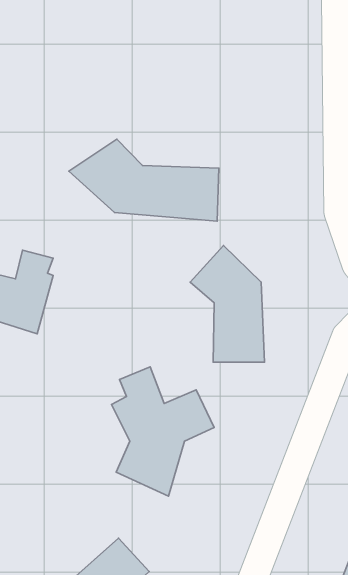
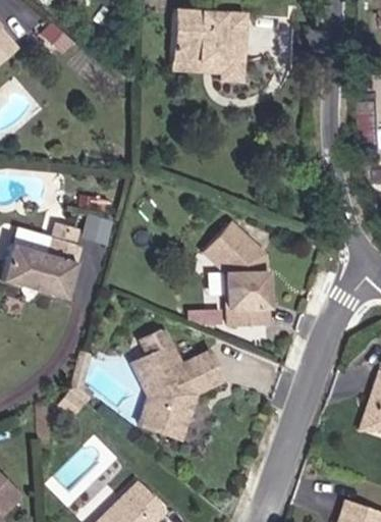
building: none -> [170,6,248,76]
building: [69,139,219,221] -> none

